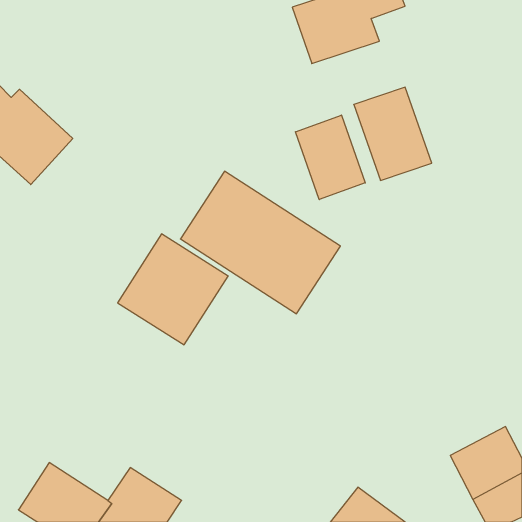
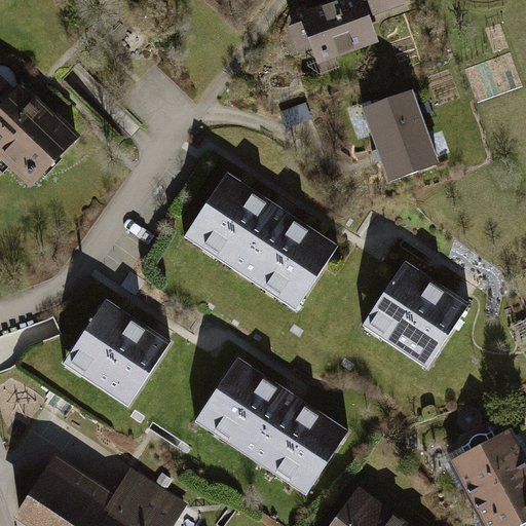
building: [295,115,365,200] -> none
building: [118,234,228,345] -> [68,308,179,419]
building: none -> [362,260,472,370]
building: none -> [192,356,350,496]

